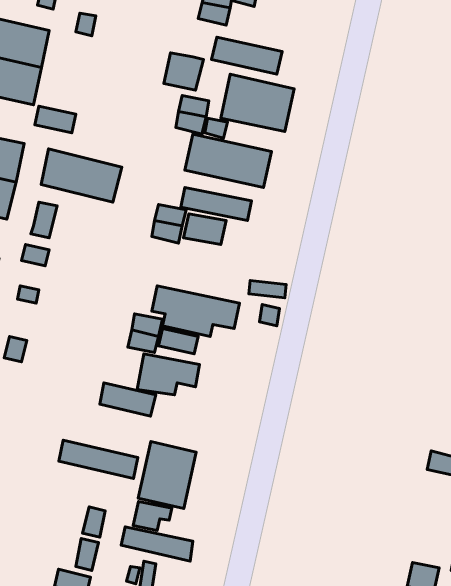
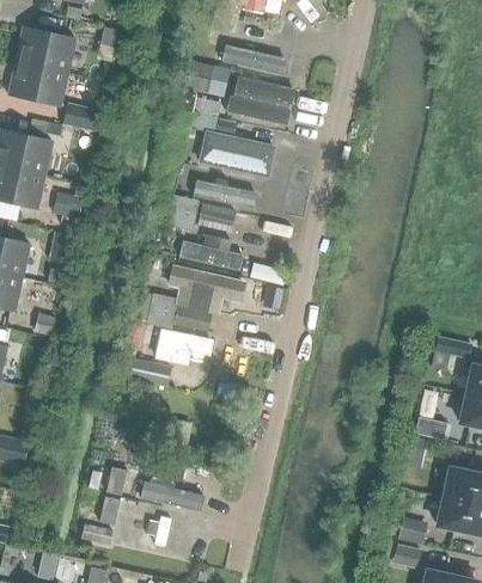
building: [41,149,122,202] -> none
building: none -> [177,235,243,275]
building: [59,440,138,478] -> none
building: [138,442,196,509] -> none

